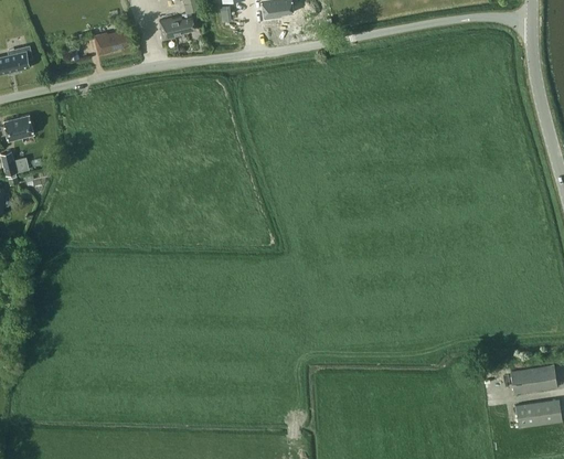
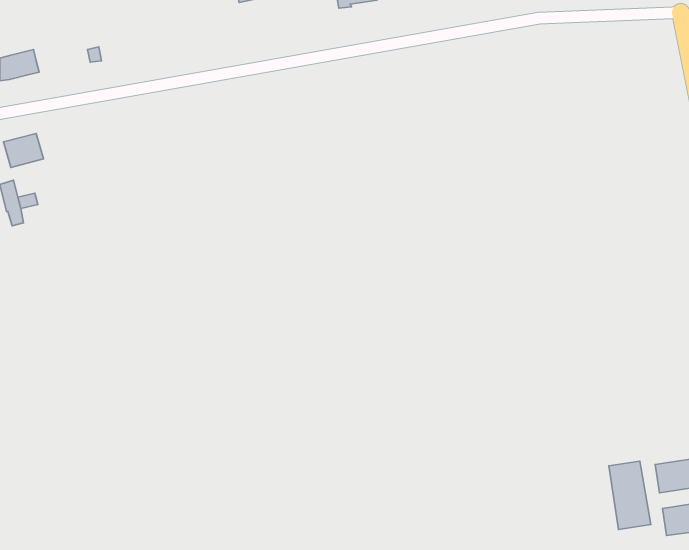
building: [159,17,195,40] -> none
building: [94,31,130,55] -> none
building: none -> [609,461,651,530]

